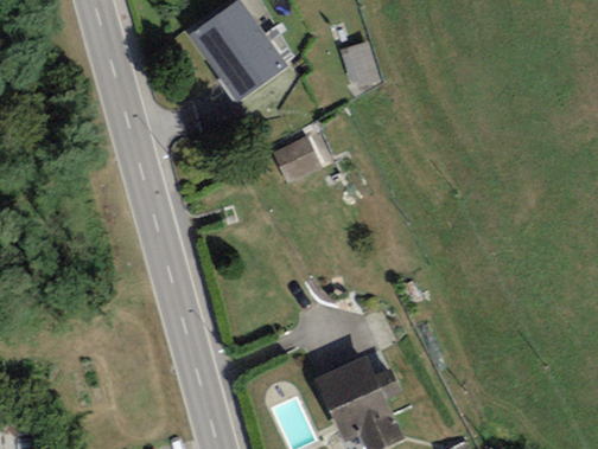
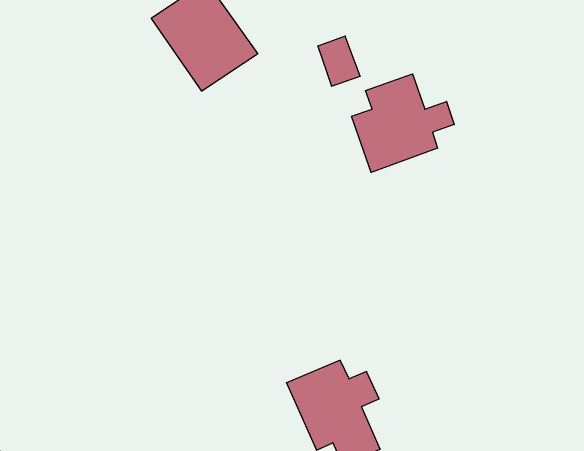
building: none -> [352,74,454,172]
building: [271,137,320,185] -> none

